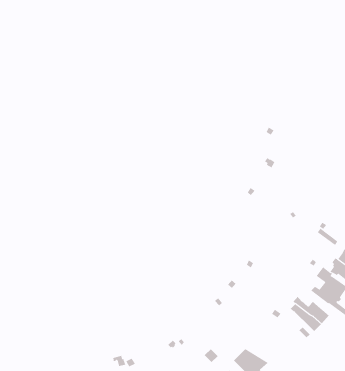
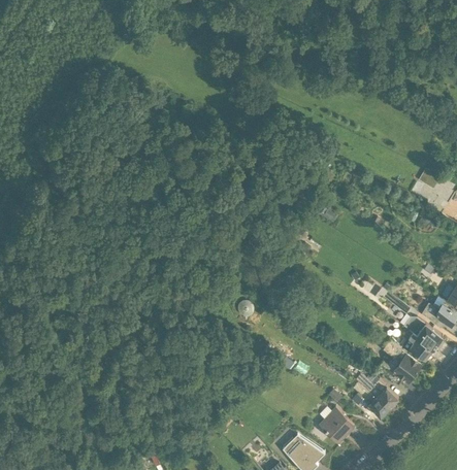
building: none -> [318,408,355,445]

